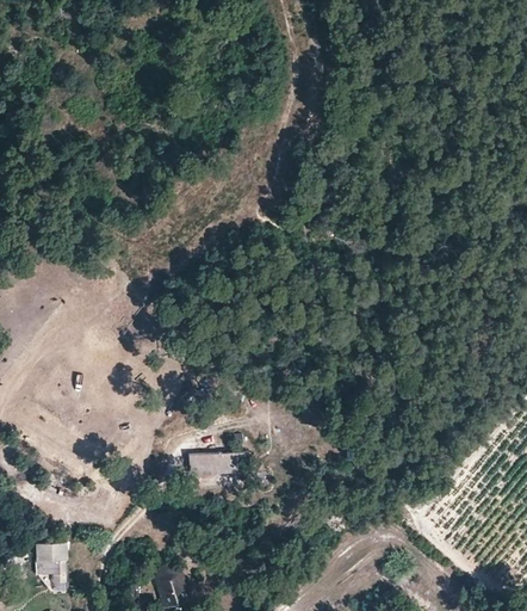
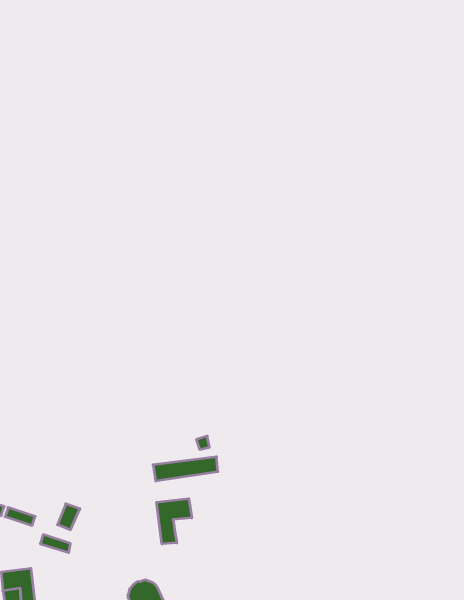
building: none -> [157,499,192,544]

